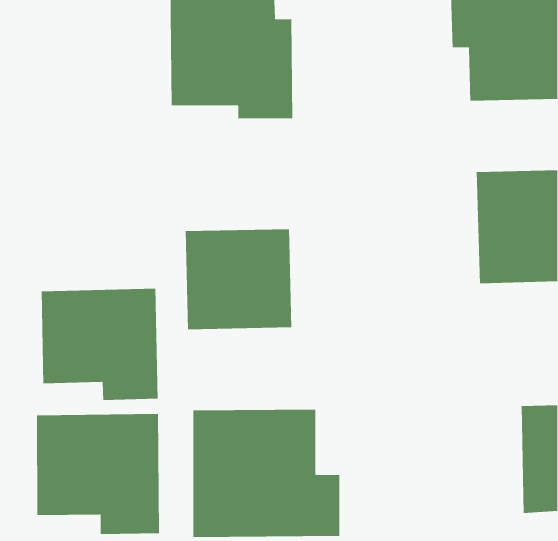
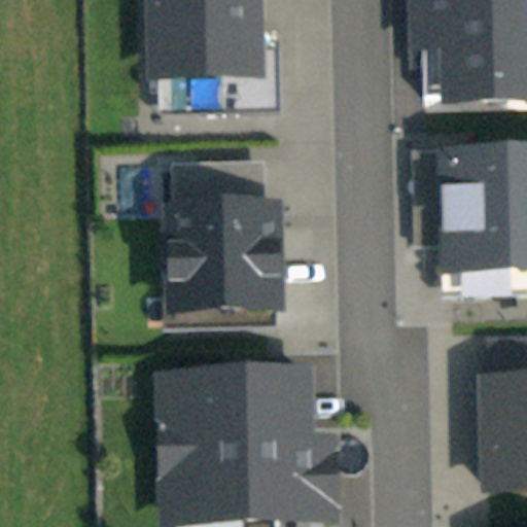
building: [41,288,159,401] -> none
building: [36,413,160,535] -> none

